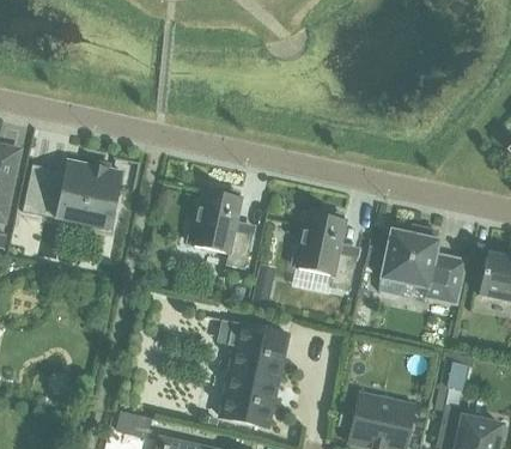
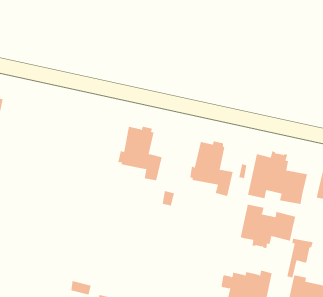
building: [22,159,121,230] -> none
building: none -> [240,204,296,249]
building: [221,321,288,427] -> none

